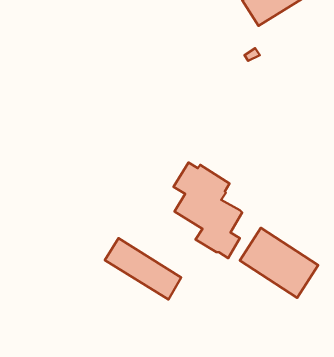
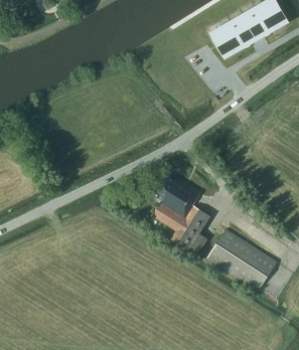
building: [105,238,181,299] -> none

